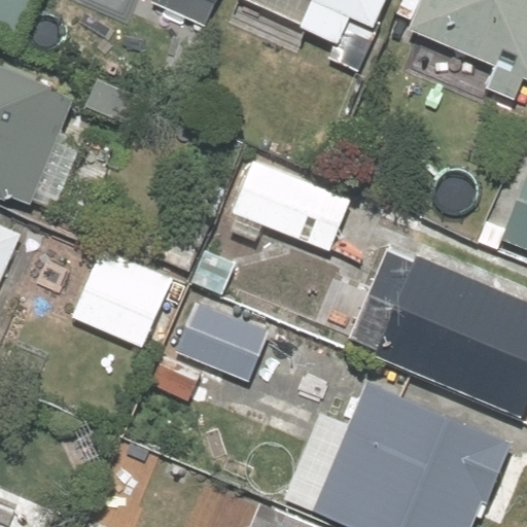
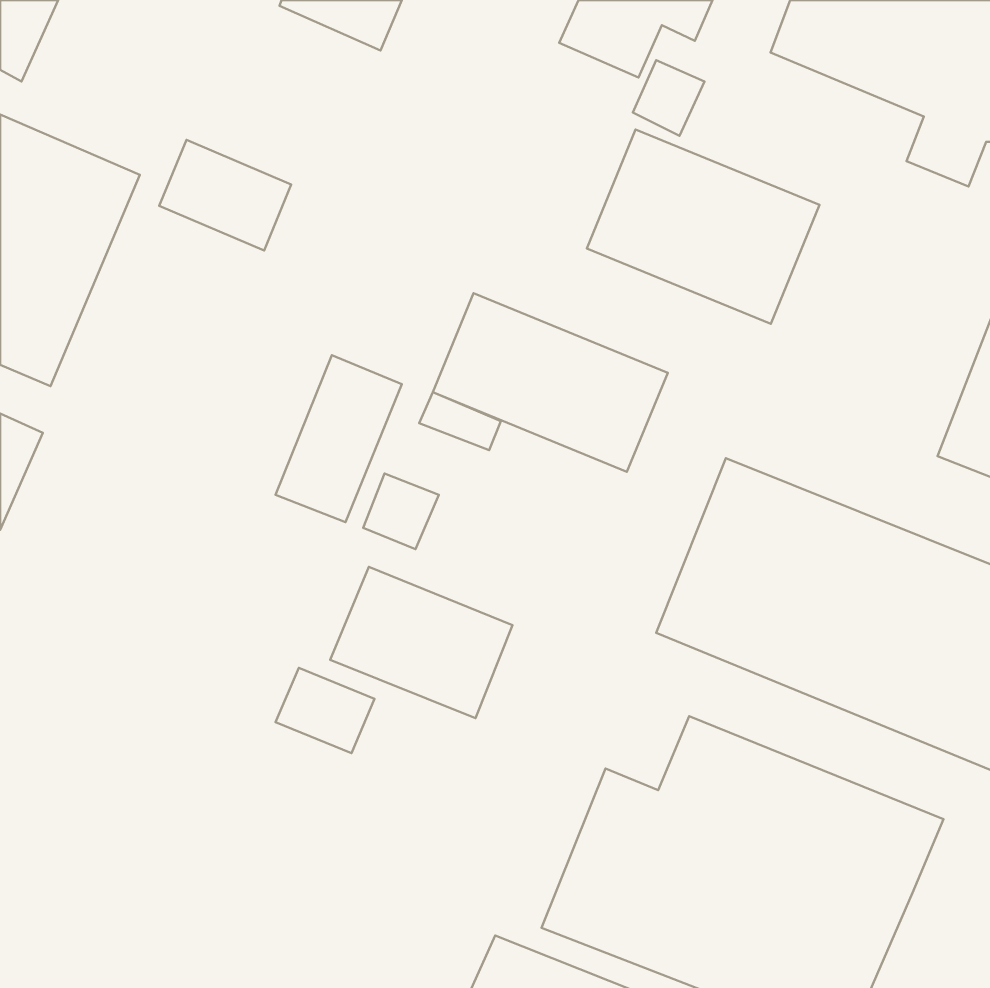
building: none -> [587,130,819,324]
building: [69,249,170,352] -> none

